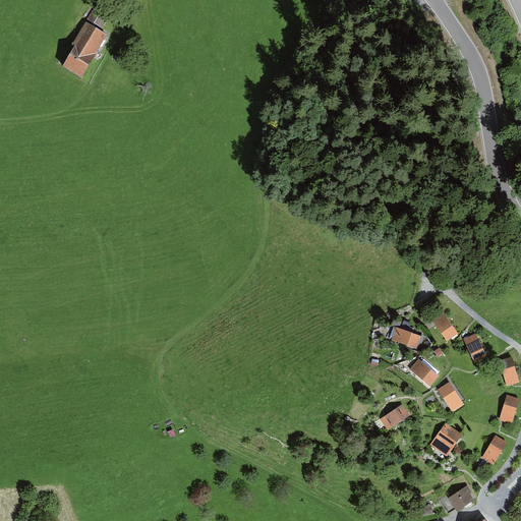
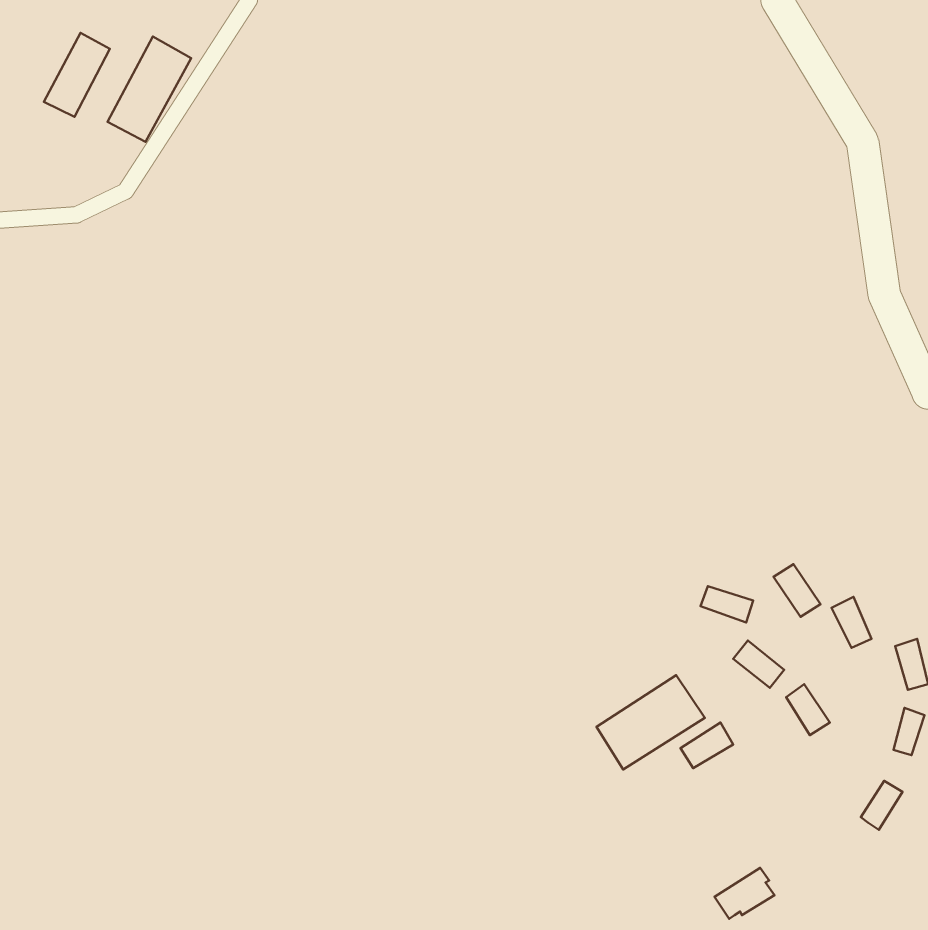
building: none -> [44,33,110,117]
building: none -> [596,675,705,770]
building: [429,424,460,456] -> none
building: [440,485,473,514] -> [715,868,775,919]

